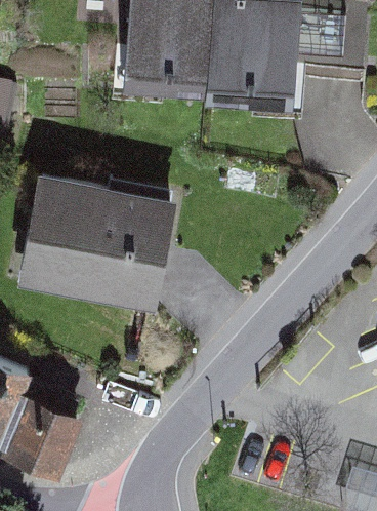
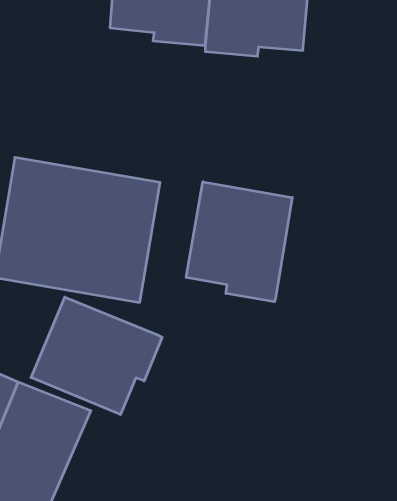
building: none -> [186,182,292,302]
building: none -> [31,297,162,415]

